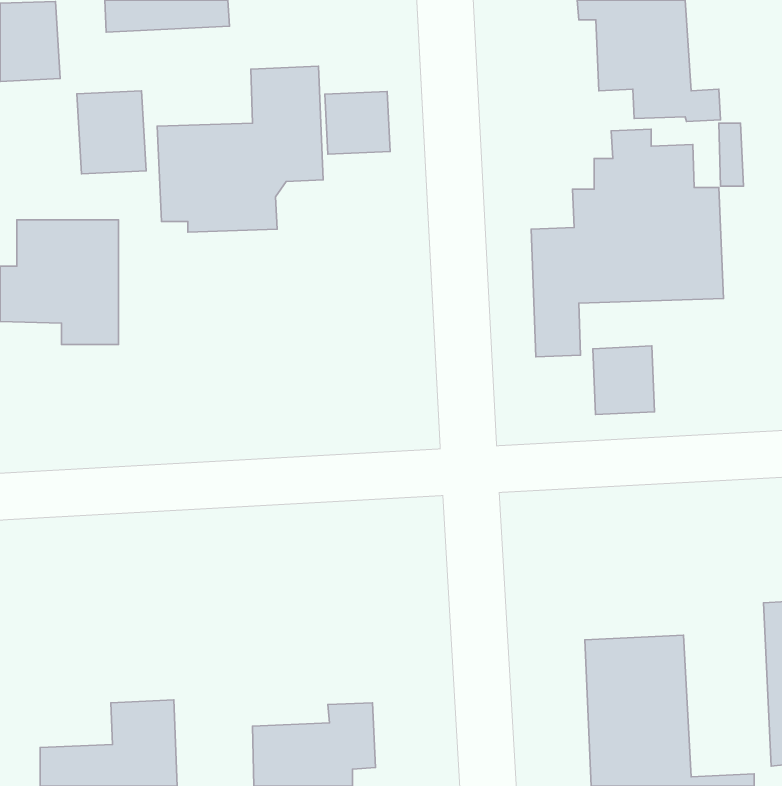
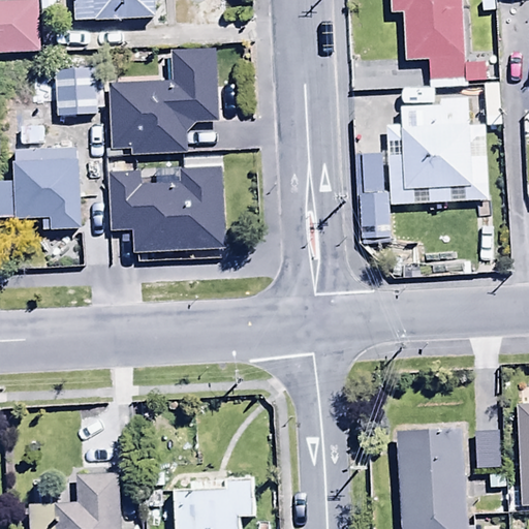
building: [325,92,390,154] -> none
building: none -> [106,164,227,252]
building: [593,346,654,415] -> none

